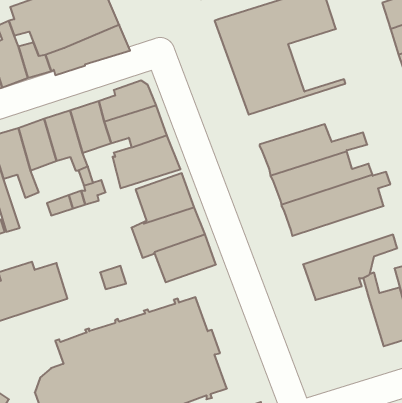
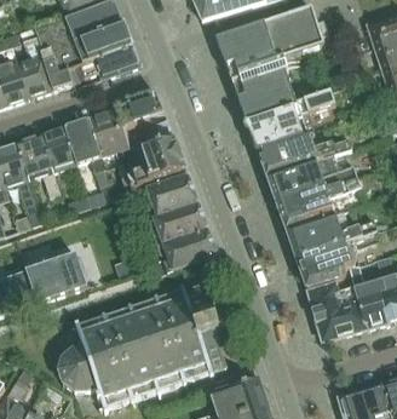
building: none -> [247,94,335,149]
building: none -> [286,203,375,256]
building: none -> [307,281,367,341]

